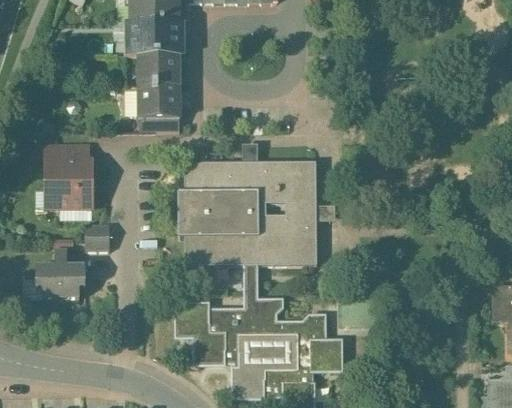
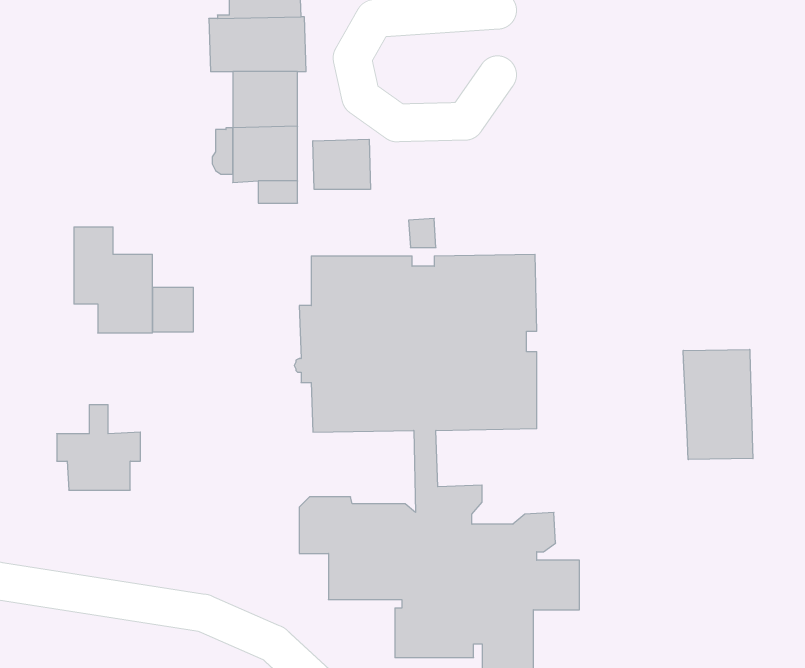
building: none -> [313,139,370,189]
building: none -> [683,349,753,460]
building: [85,223,109,249] -> [152,287,193,332]

